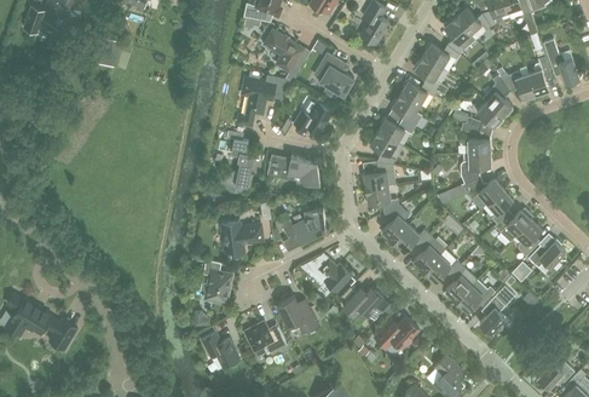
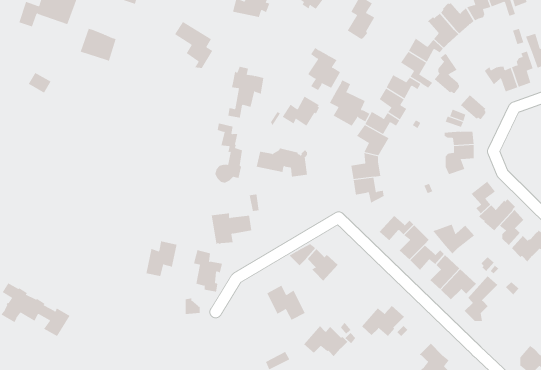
building: [264,30,304,79] -> [174,21,213,69]
building: [485,74,512,115] -> [434,53,460,93]
building: none -> [329,80,370,127]
building: [460,177,503,208] -> [432,224,475,255]
building: [380,205,408,241] -> none
building: [279,207,329,241] -> none
building: none -> [146,240,177,277]
building: [342,287,388,320] -> [303,325,348,357]
building: [243,321,285,355] -> none
building: [201,330,239,368] -> none

